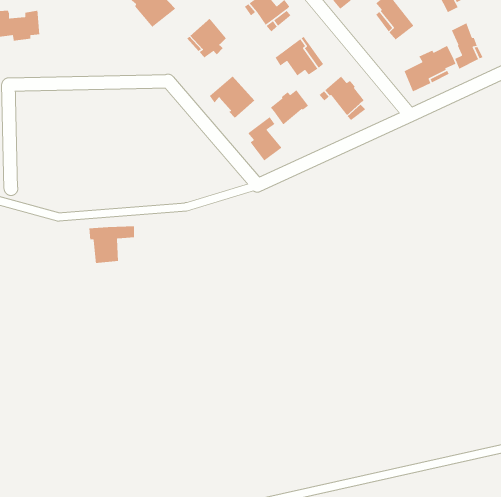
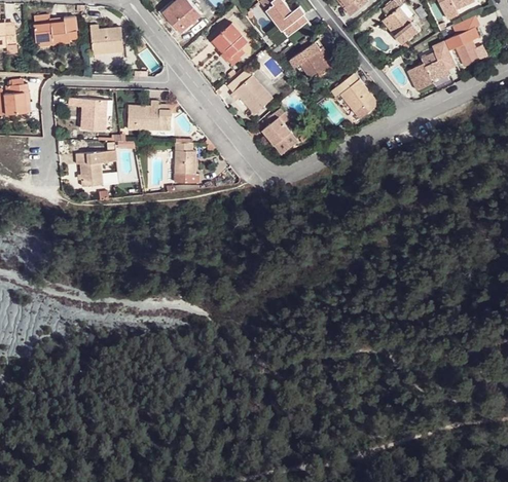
building: none -> [89,24,122,52]
building: [270,89,309,125] -> none
building: none -> [76,98,106,129]
building: none -> [126,101,171,129]
building: none -> [174,143,198,180]
building: [88,225,135,264] -> [73,151,115,186]

